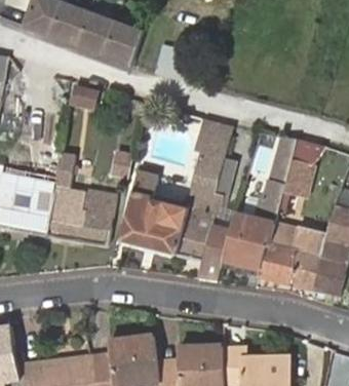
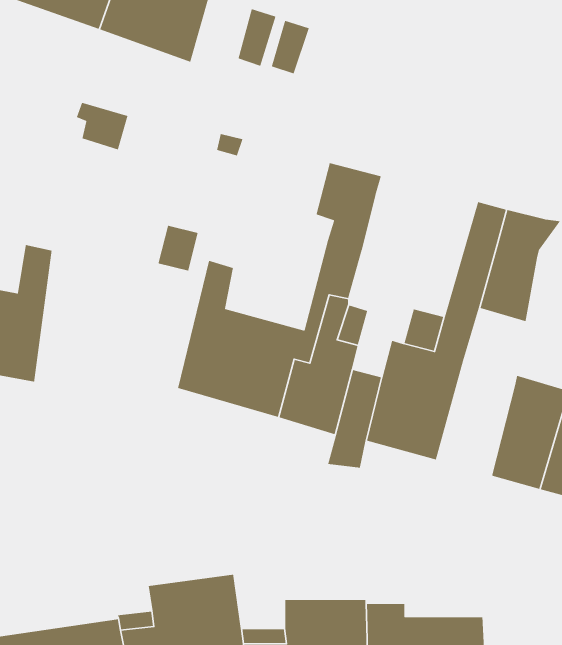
building: [48,151,116,245] -> none
building: [260,223,302,283] -> none

